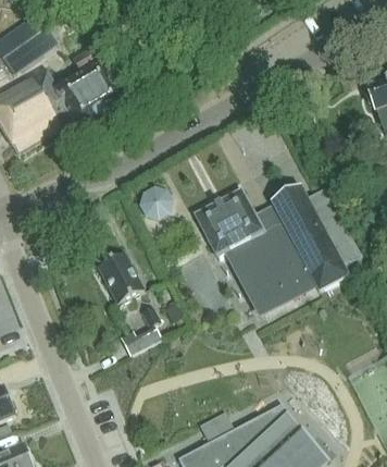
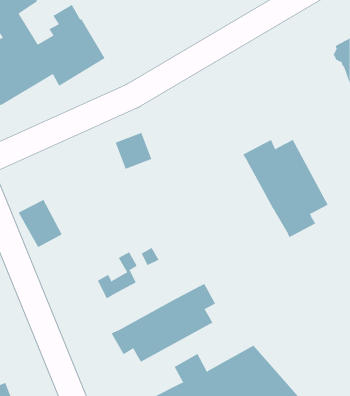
building: [195,191,317,319] -> none
building: [97,253,143,304] -> [18,199,63,248]
building: none -> [111,283,216,363]

